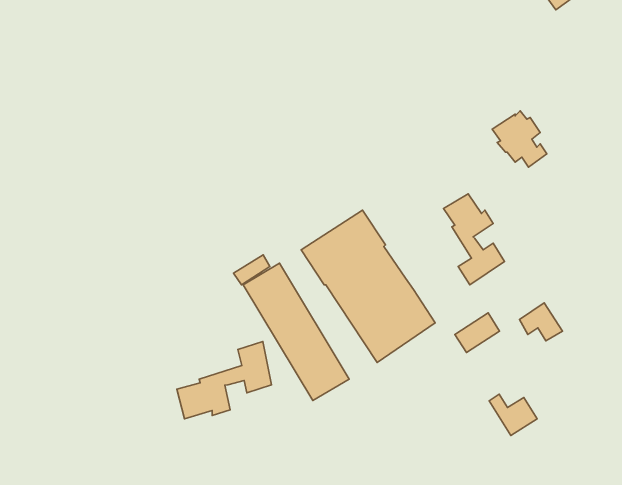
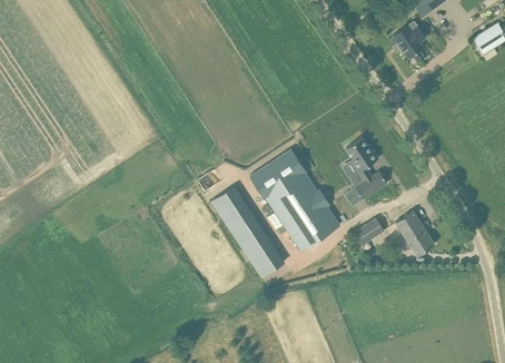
building: [492,111,547,167] -> [393,23,429,61]
building: [177,341,272,419] -> none
building: [489,394,537,436] -> [402,228,434,256]

